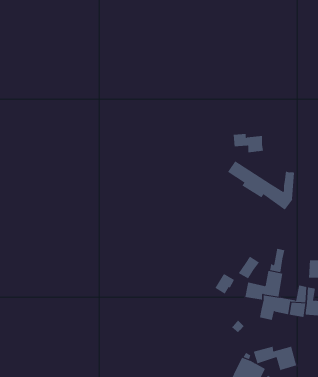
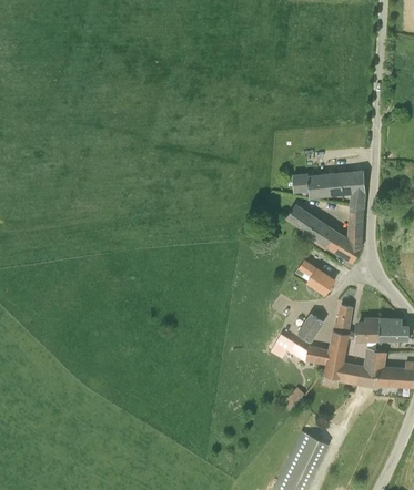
building: none -> [326,171,366,207]
building: none -> [295,259,335,294]
building: none -> [356,317,380,340]
building: [253,346,297,372] -> none

